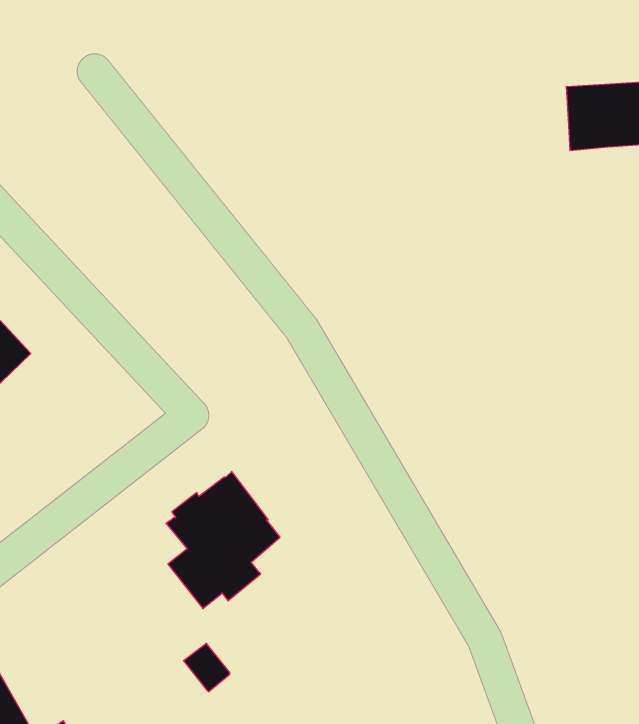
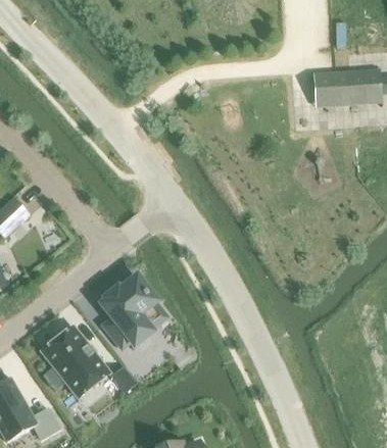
building: none -> [41,327,108,396]

